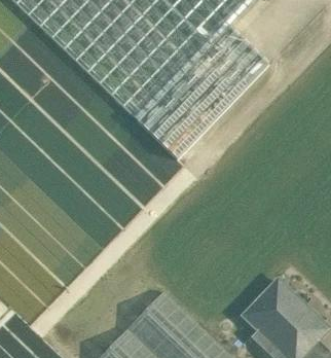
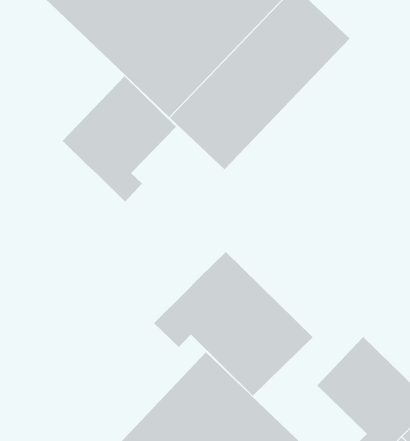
building: none -> [62,75,177,203]
building: none -> [153,251,314,397]

